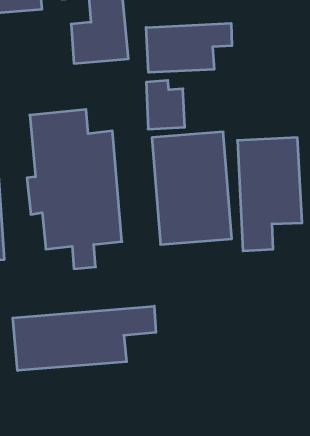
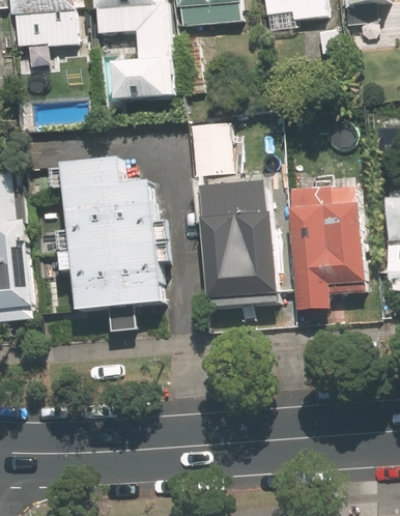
building: [146,23,232,72] -> none
building: [13,306,156,371] -> none

